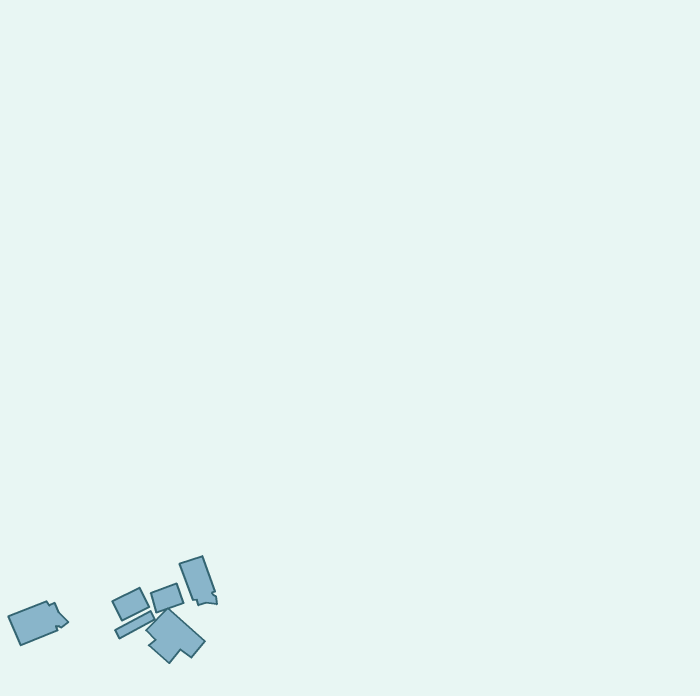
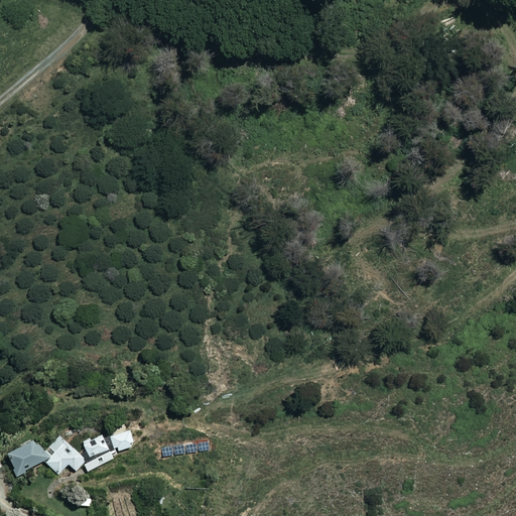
building: [180,556,217,605] -> none
building: [146,608,205,663] -> [43,434,87,475]

